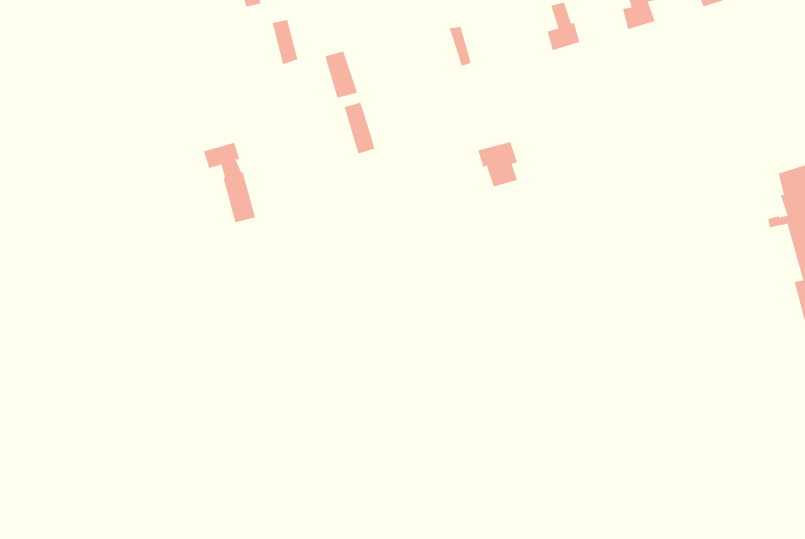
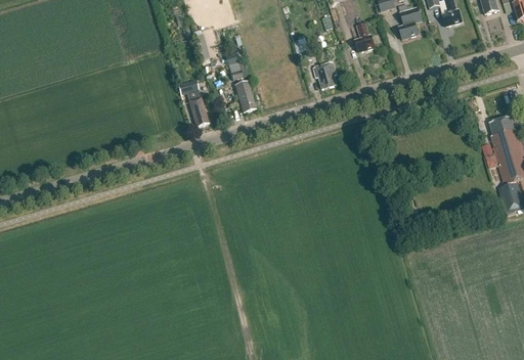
building: [477,142,518,187] -> [313,62,337,89]
building: [203,142,256,223] -> [177,80,208,127]

